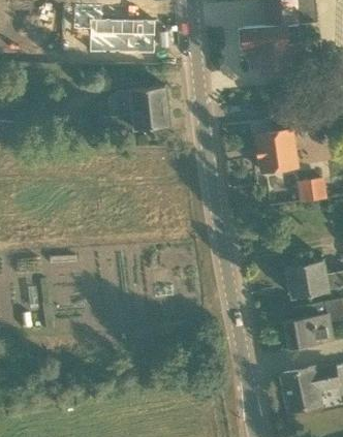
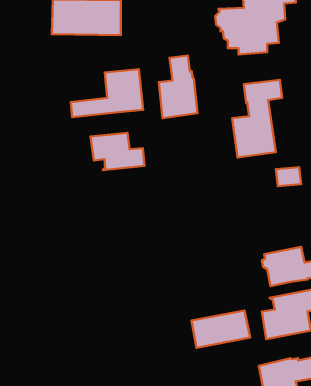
building: none -> [159,55,197,118]
building: none -> [91,133,144,170]
building: none -> [192,310,250,348]

